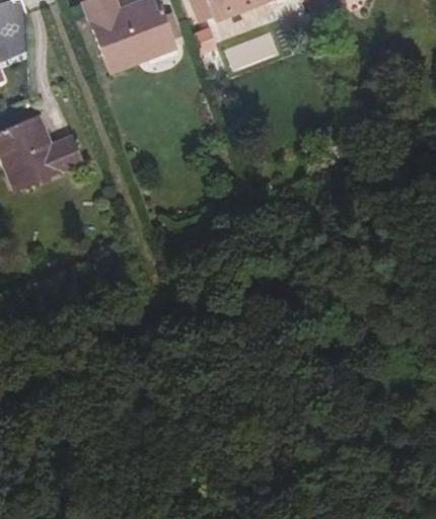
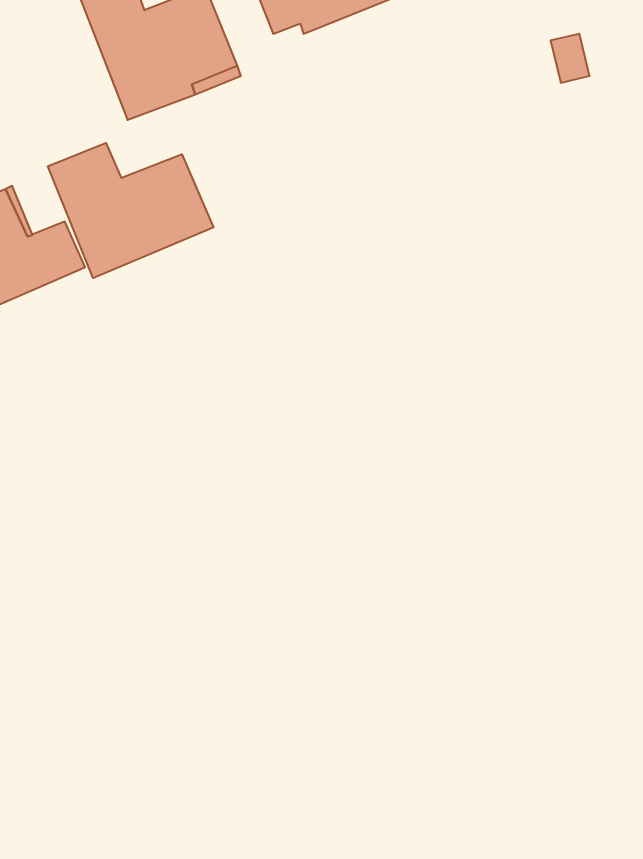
building: none -> [48,143,214,278]

